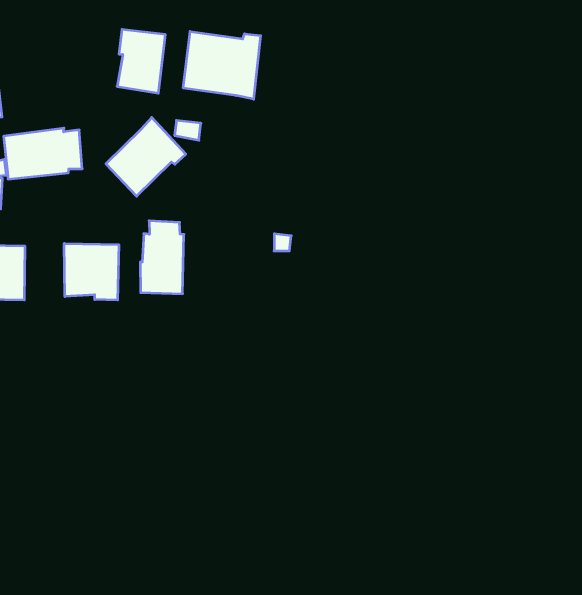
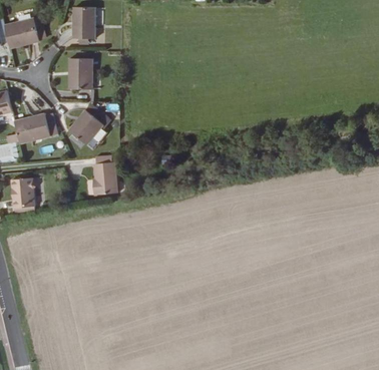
building: [183,31,261,99] -> none
building: [64,243,119,300] -> none

